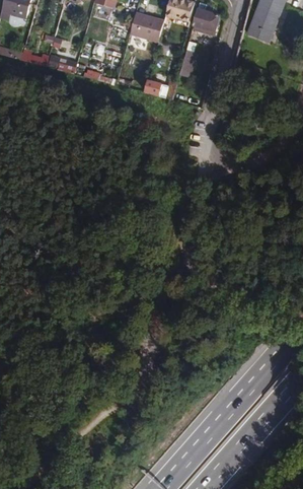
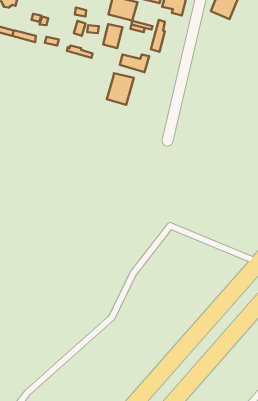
building: none -> [103,24,122,48]
building: none -> [107,73,134,105]

